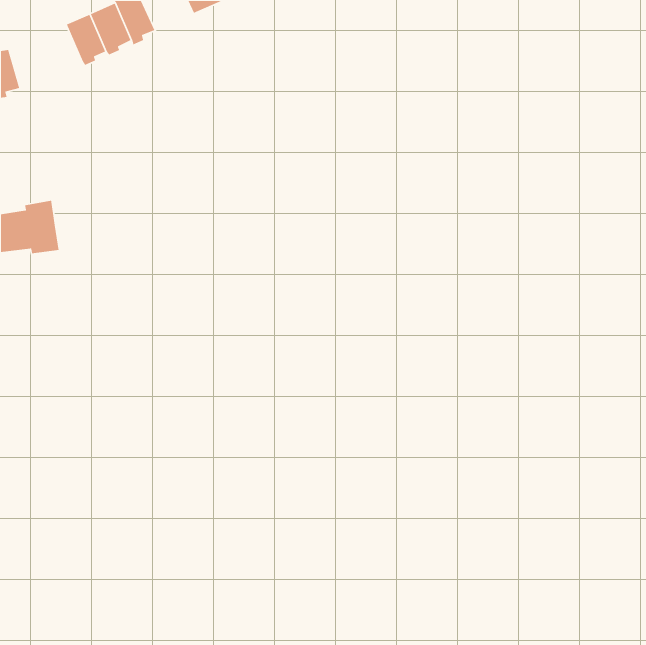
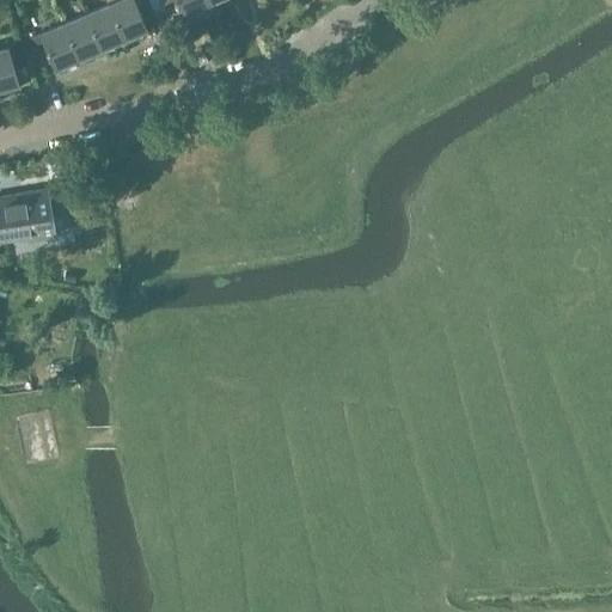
building: none -> [39,24,78,74]

